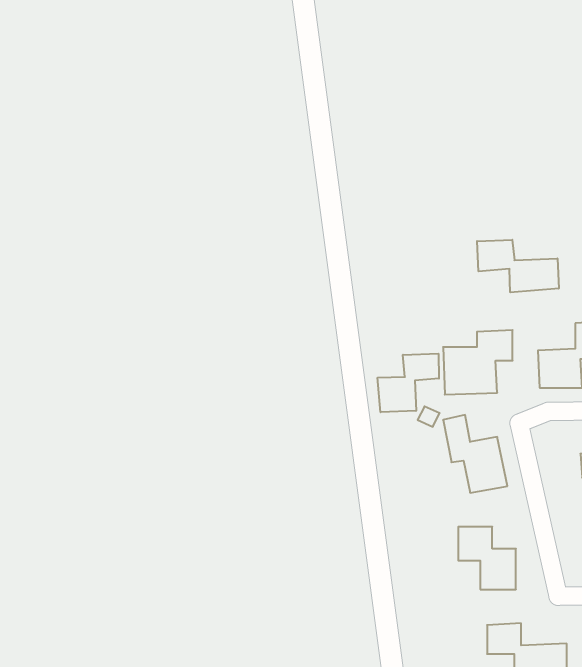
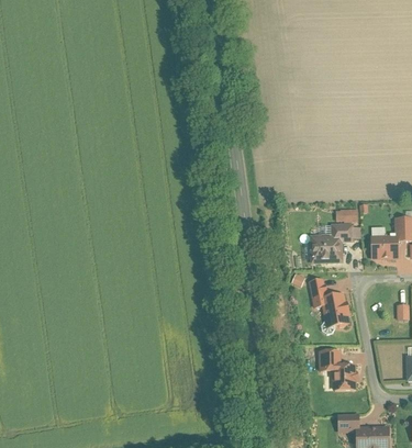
building: [477,240,559,292] -> none
building: [378,354,439,412] -> none

